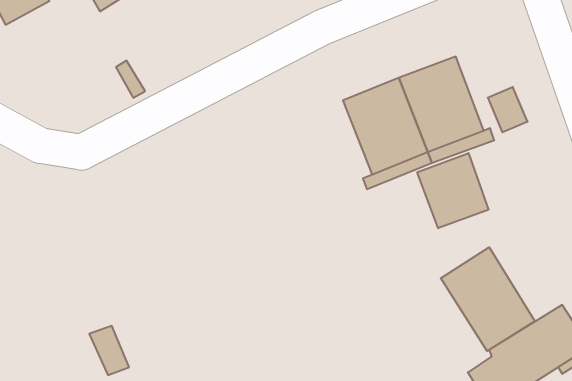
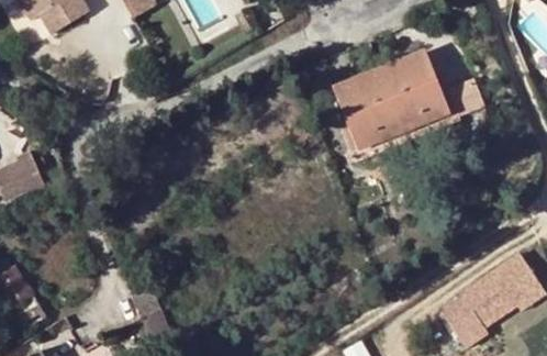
building: [417,153,488,228] -> none
building: [441,247,535,351] -> none

